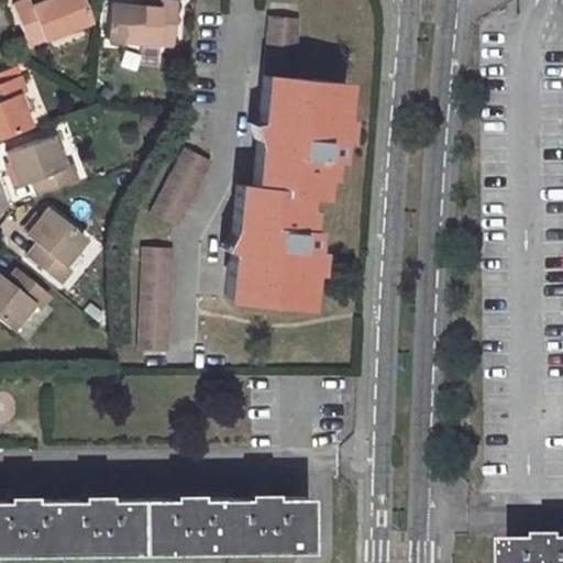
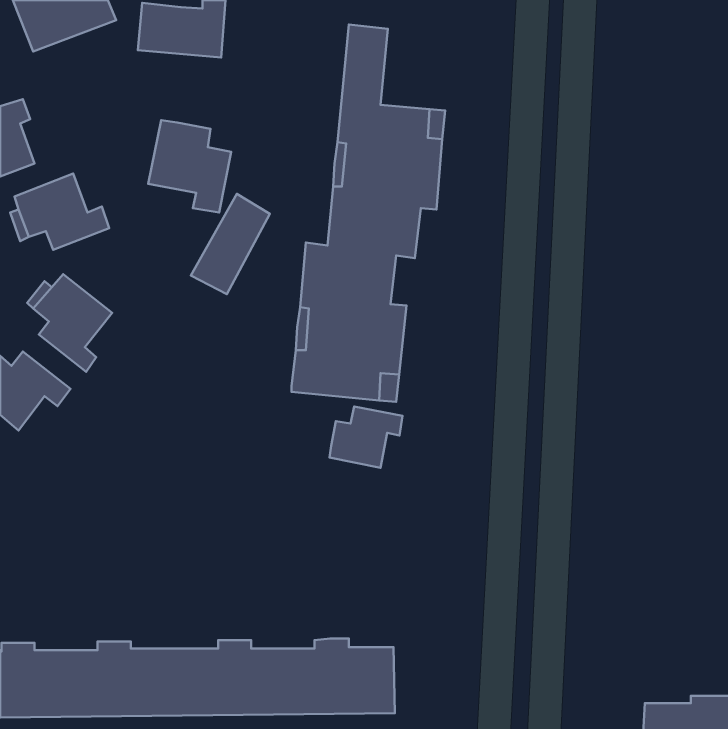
building: none -> [148,120,231,212]
building: [139,249,174,356] -> none
building: none -> [330,406,402,468]

